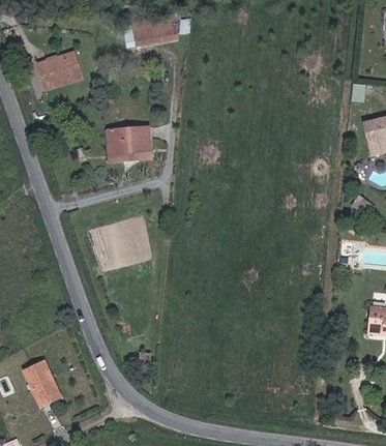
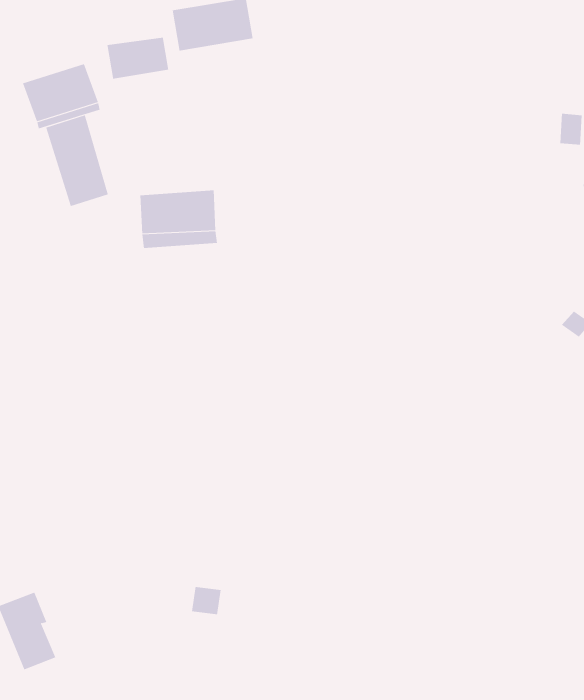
building: none -> [107,37,169,80]
building: none -> [46,115,108,207]

